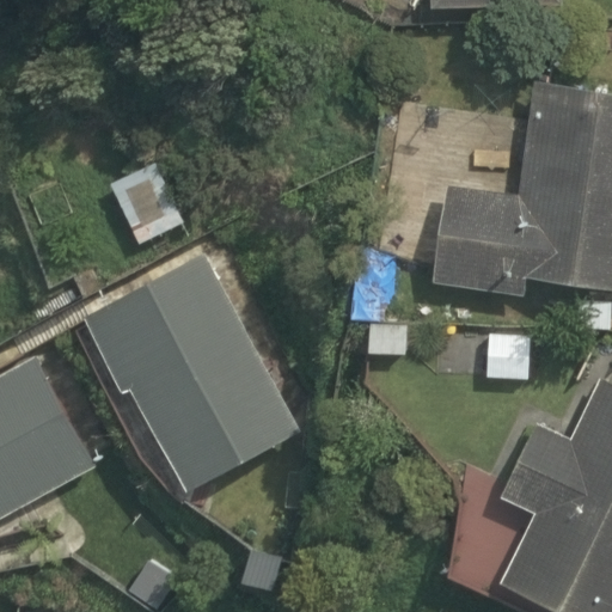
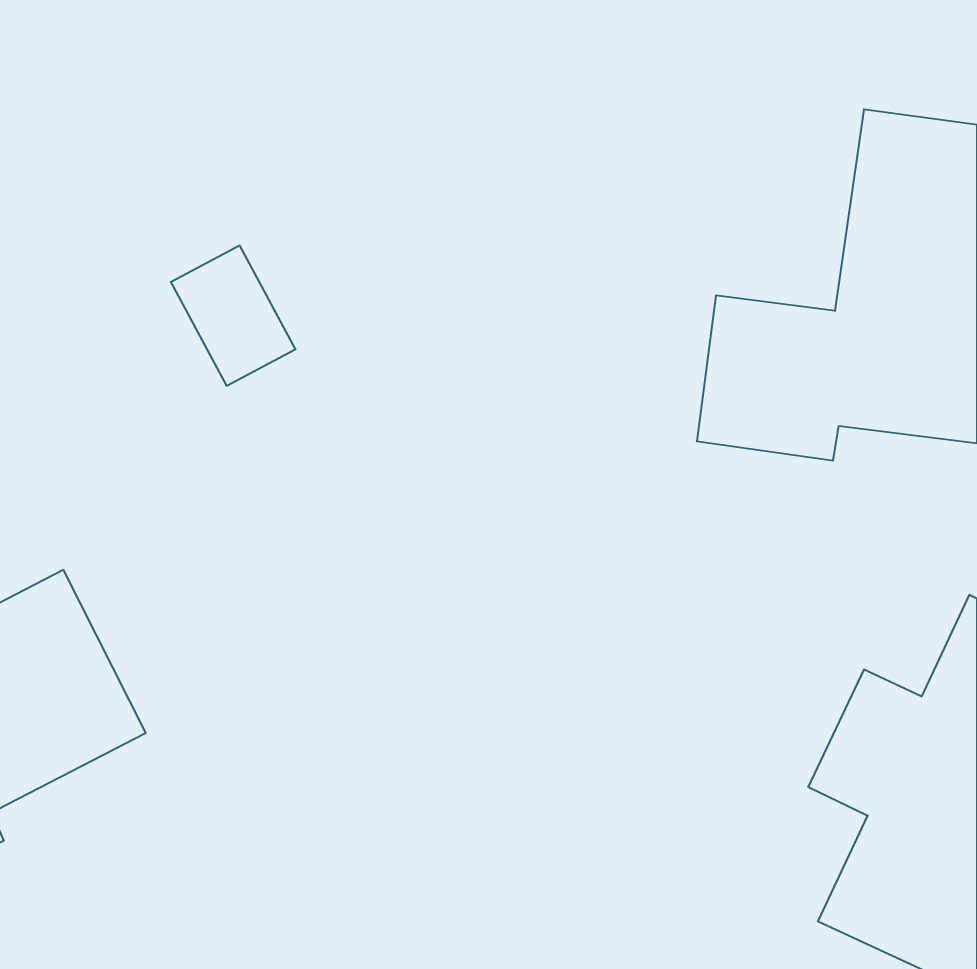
building: [85,257,298,500] -> none

